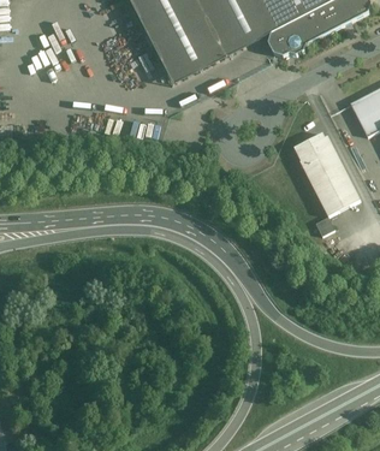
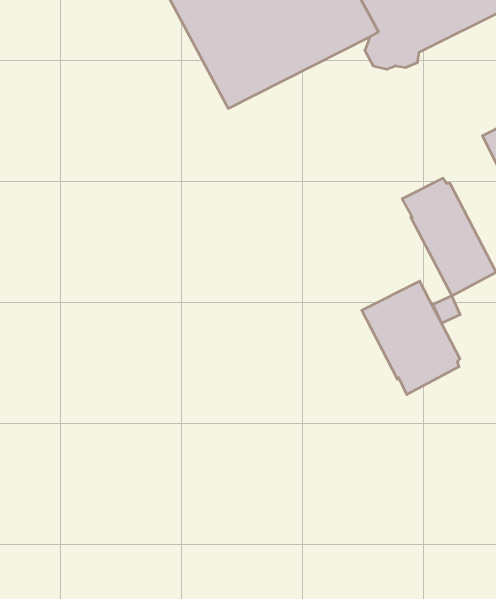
building: none -> [362,281,460,395]

